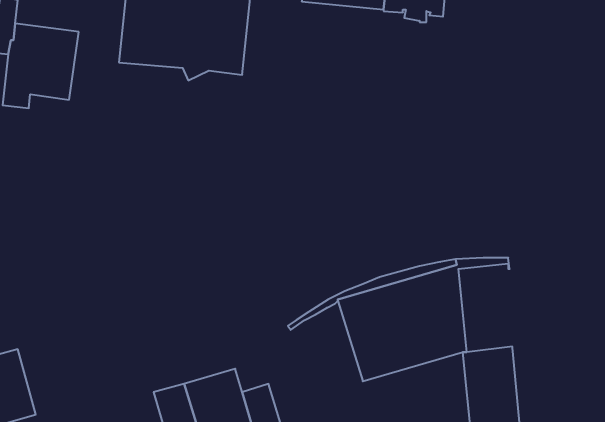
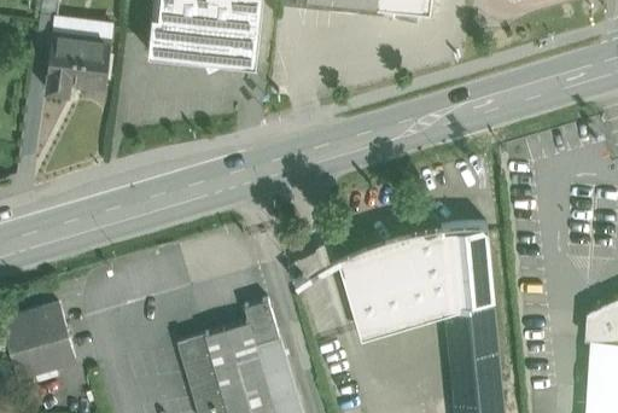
building: none -> [443,231,494,308]
building: none -> [244,301,278,343]

